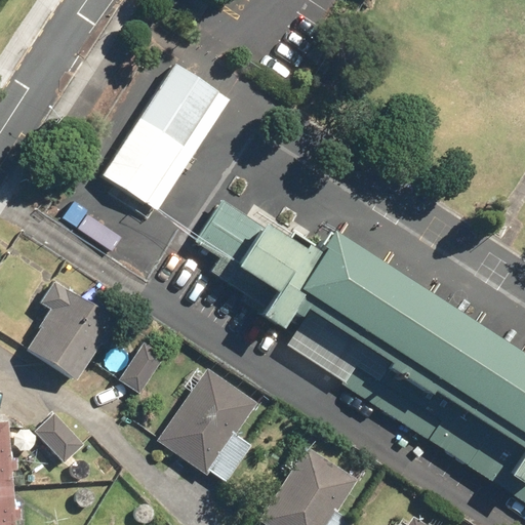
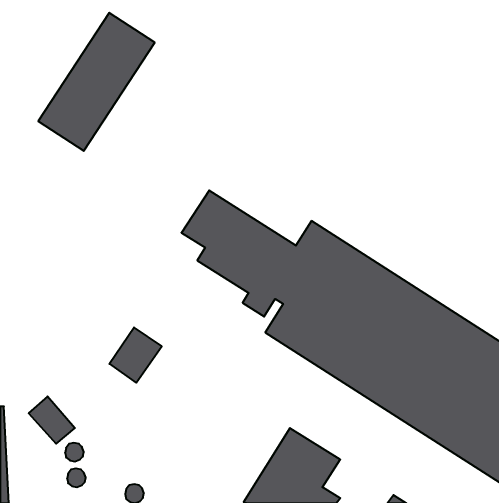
building: [109,60,230,204] -> [38,13,155,151]
building: [25,280,116,382] -> none
building: [156,367,258,481] -> none

